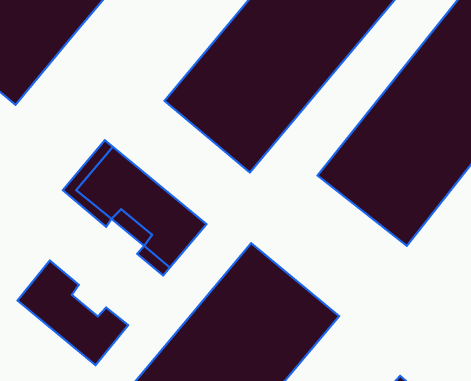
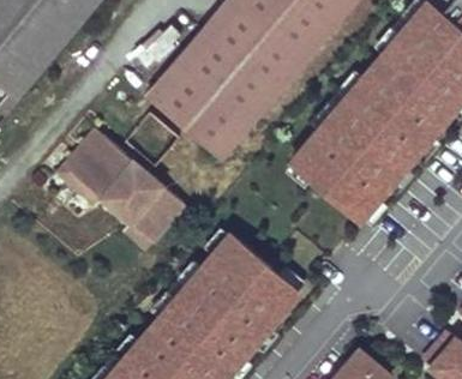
building: [17,260,128,365] -> none

